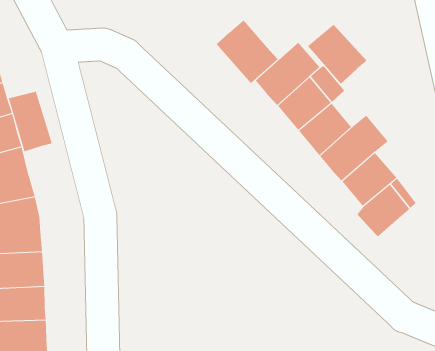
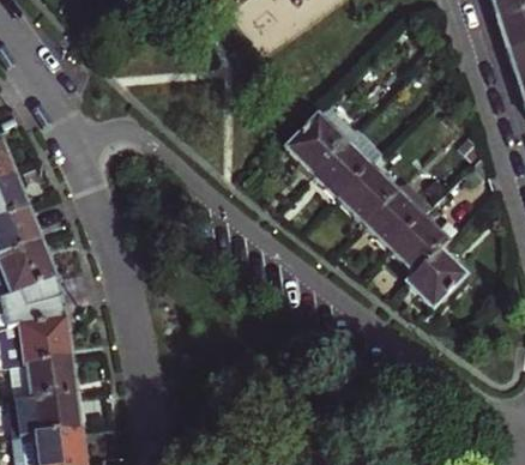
building: [216,20,279,84] -> none
building: [307,24,368,84] -> none
building: [8,91,52,152] -> none

